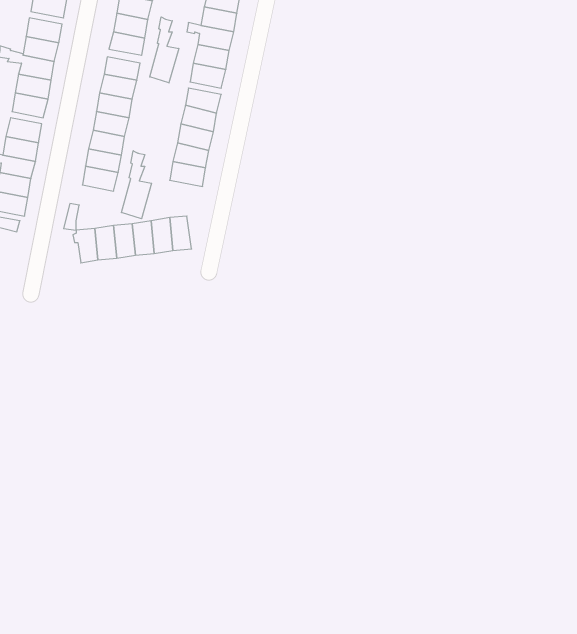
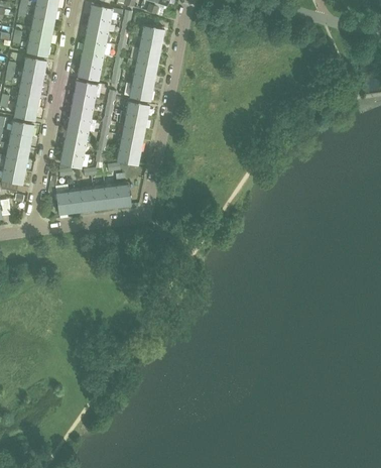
building: [150,17,179,83] -> none
building: [121,151,152,219] -> none

